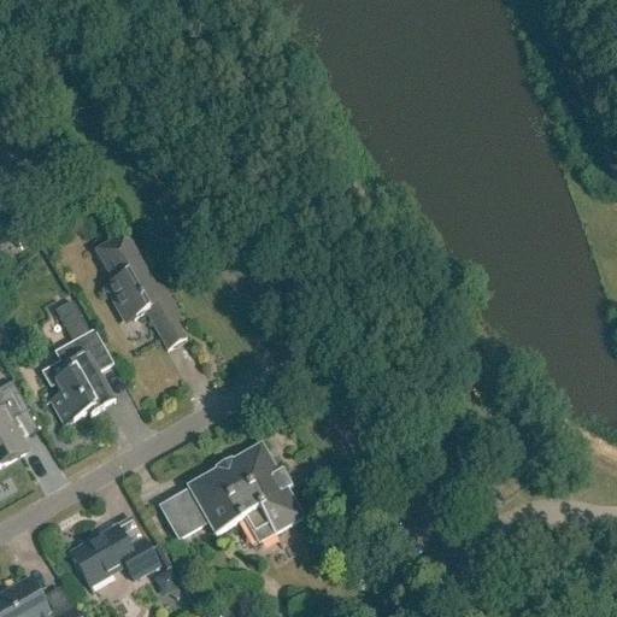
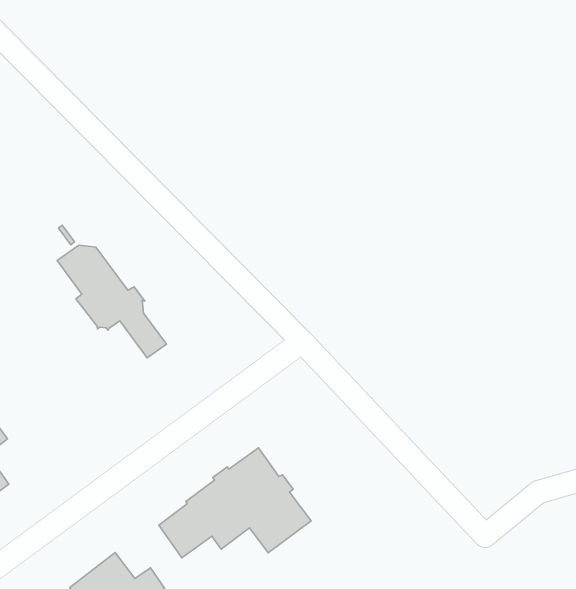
building: [43,299,114,423] -> none

